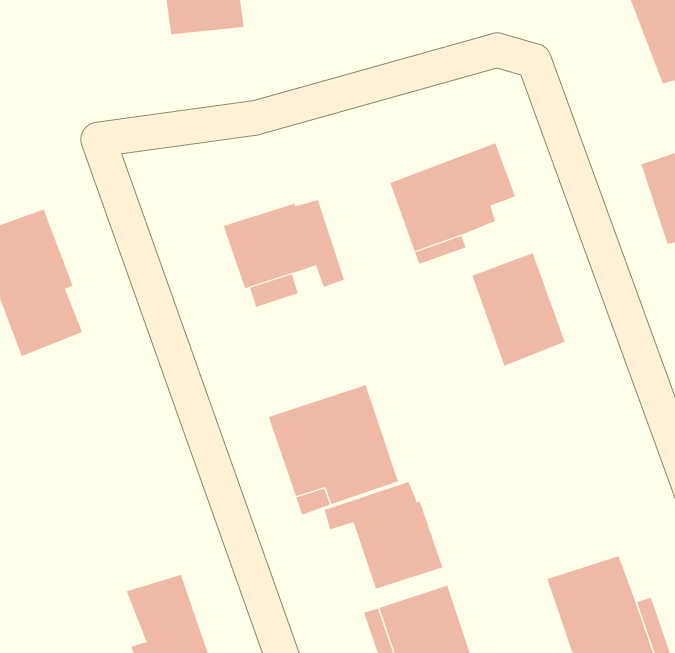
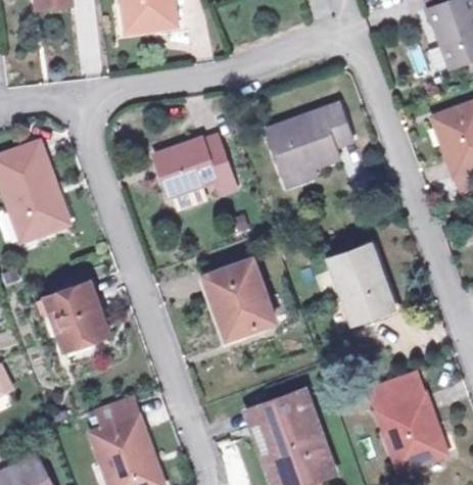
building: [471,252,565,366] -> [341,242,404,318]
building: none -> [44,279,107,349]
building: [324,481,443,589] -> none

